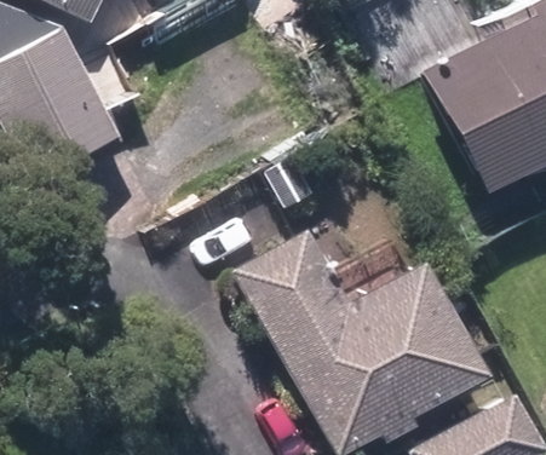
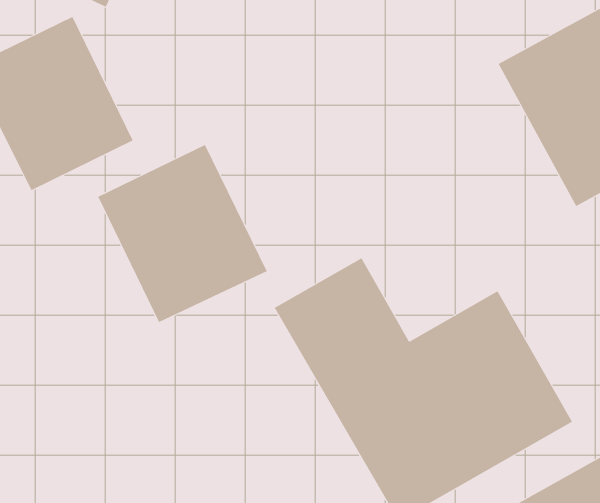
building: none -> [98,144,268,323]

